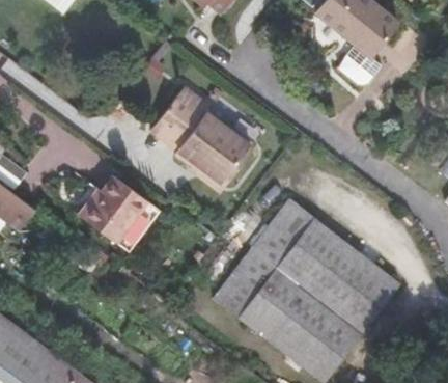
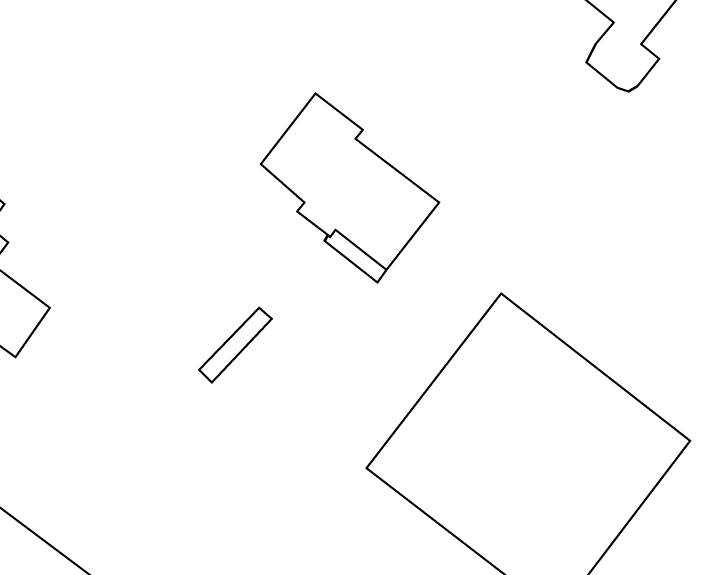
building: [79,175,147,242] -> none

